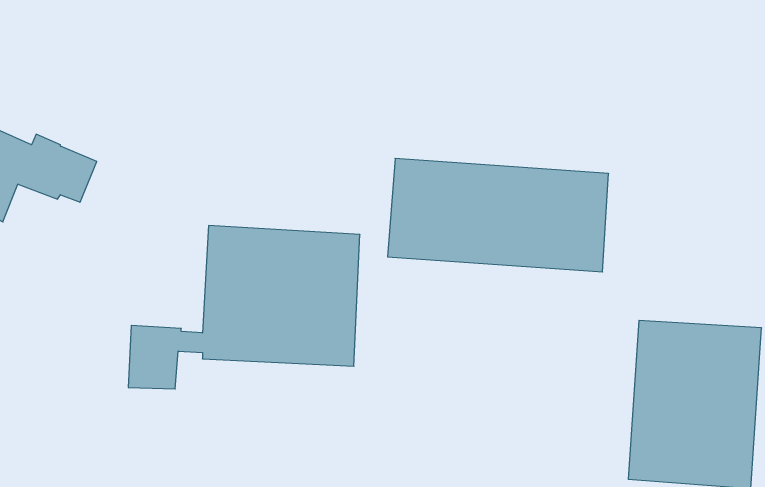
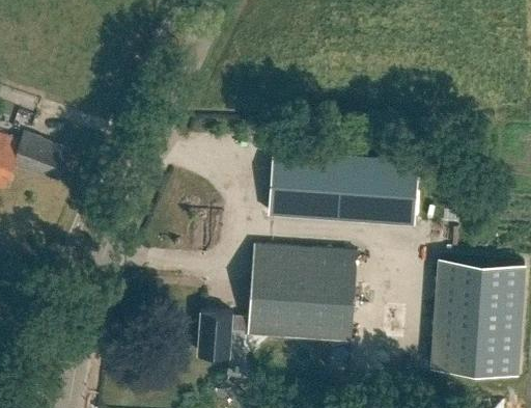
building: [128,226,360,389] -> [198,246,357,358]

